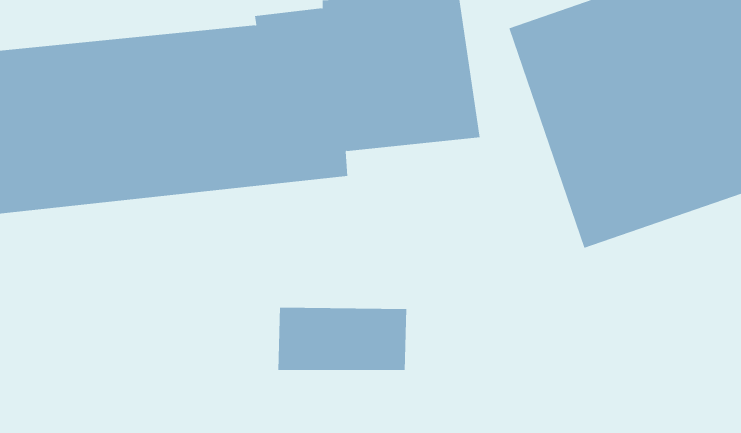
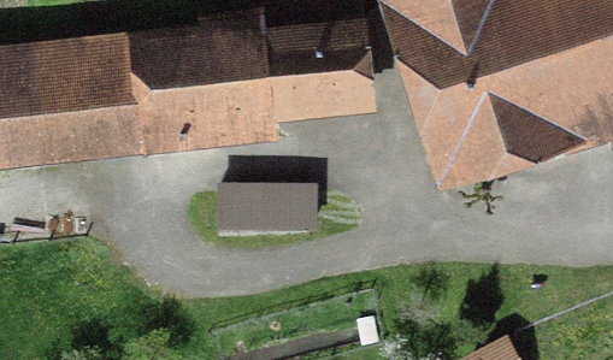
building: [278,307,407,370] -> [216,181,317,230]

